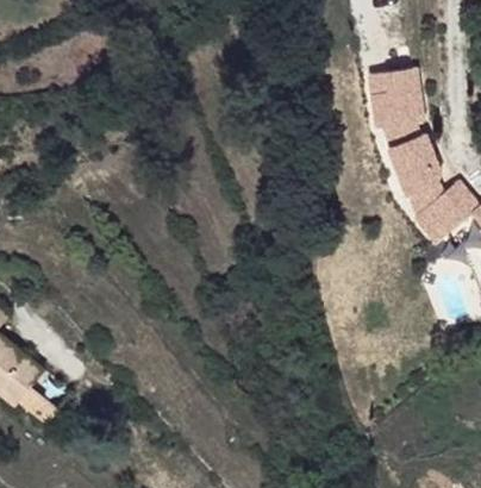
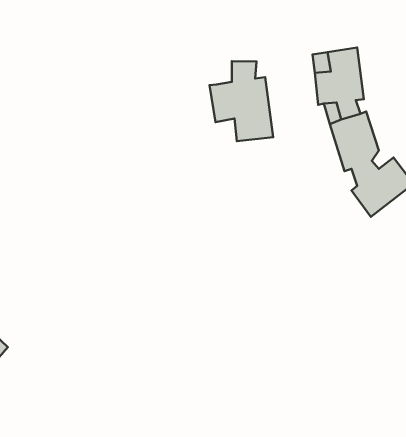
building: none -> [210,61,273,141]

